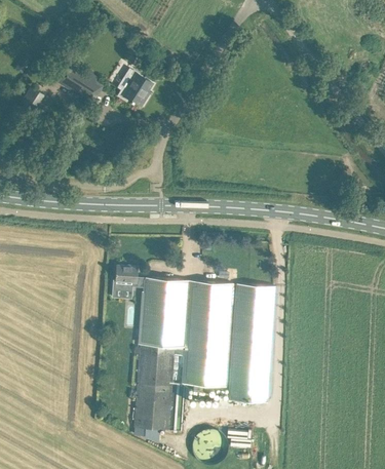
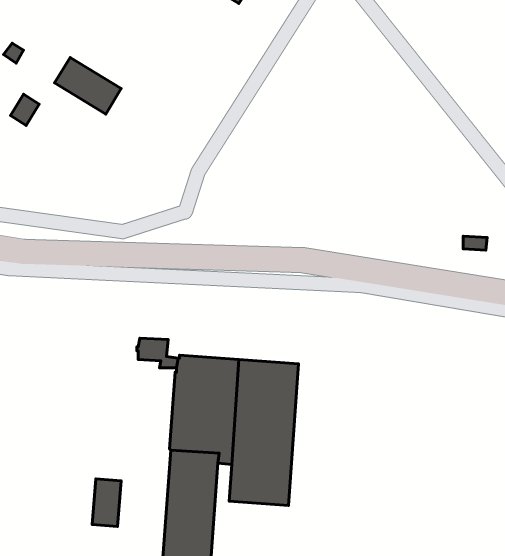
building: [117,70,153,106] -> none
building: [228,283,275,402] -> none
building: none -> [92,479,121,527]

